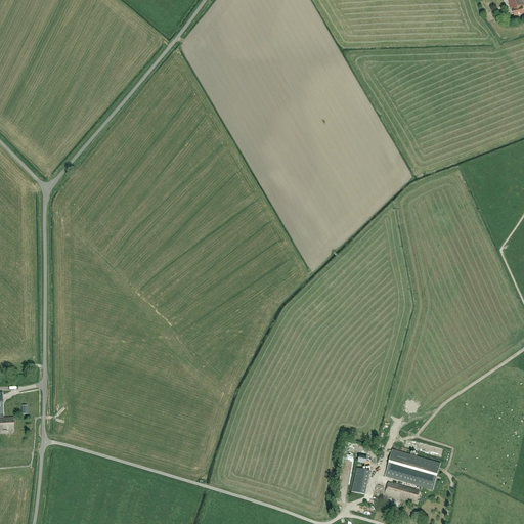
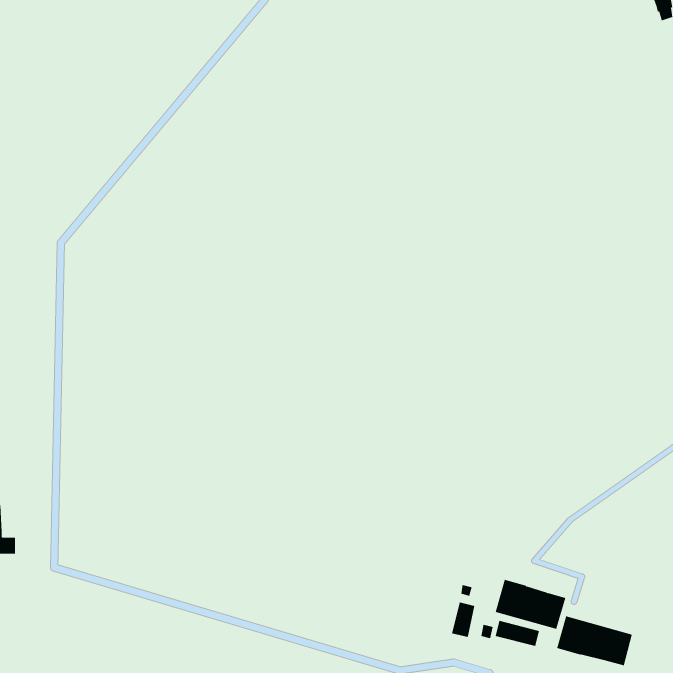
building: none -> [557,616,633,666]

